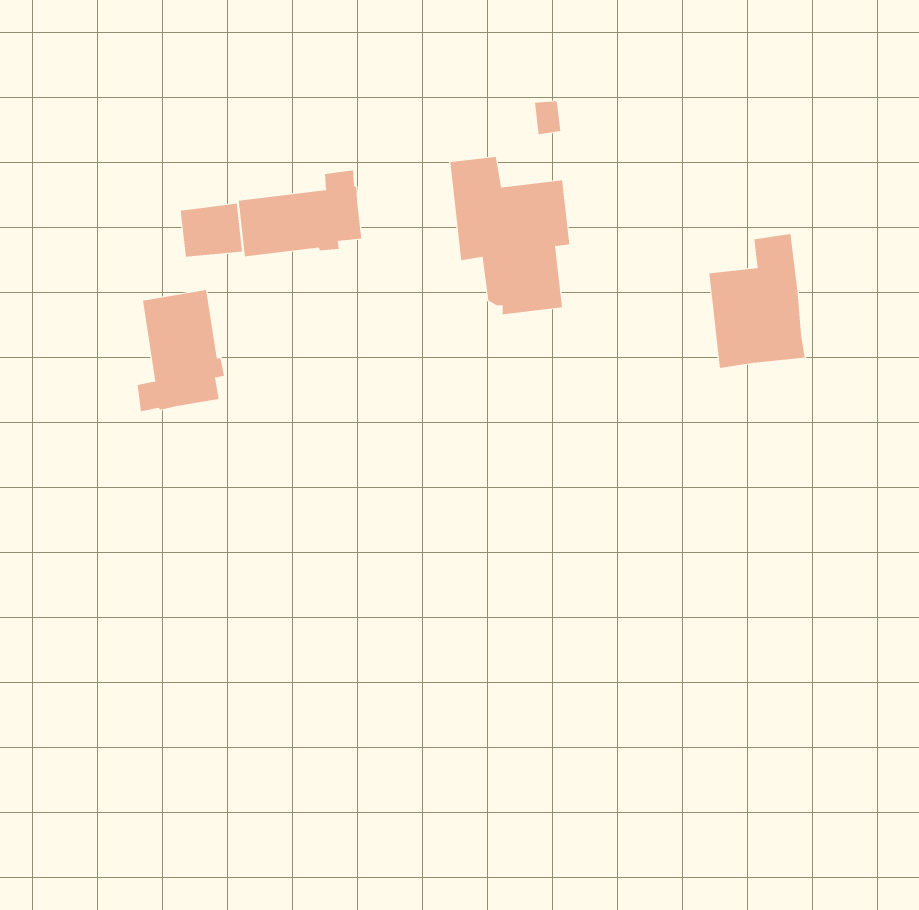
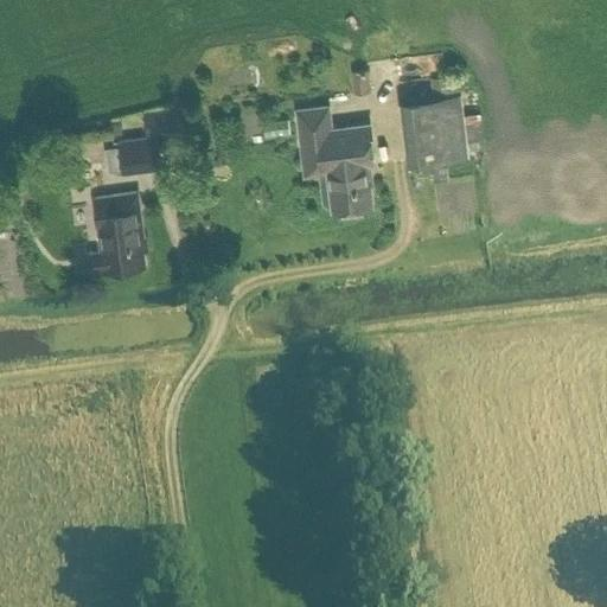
building: [238,170,362,257] -> none
building: [708,234,806,369] -> [401,78,465,167]

